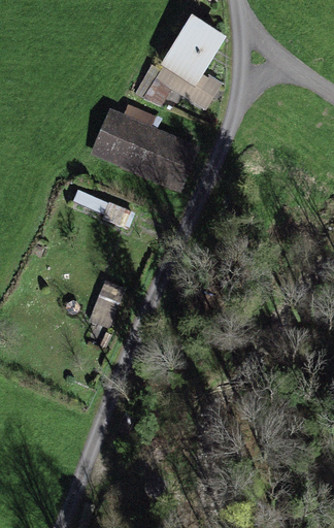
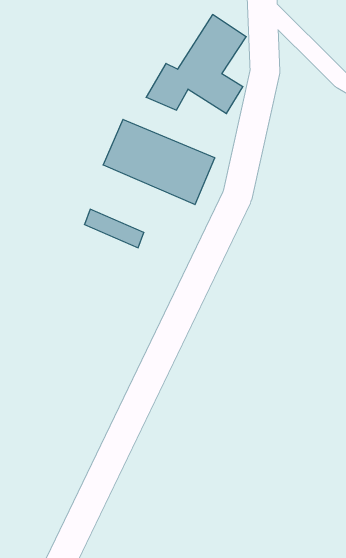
building: [90,280,126,327] -> none

